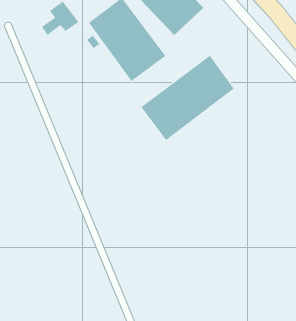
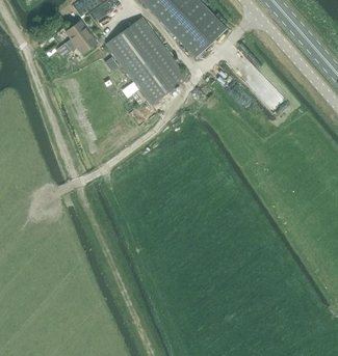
building: [140,55,235,141] -> none

